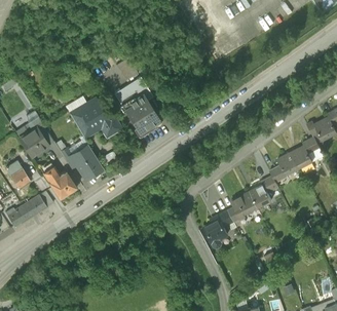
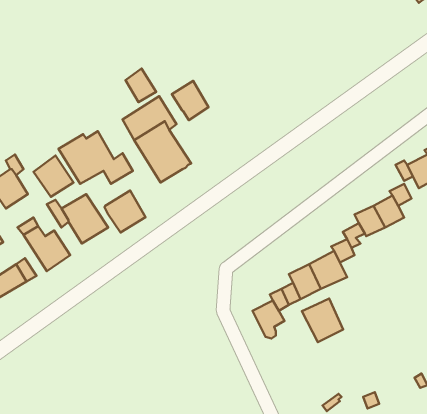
building: none -> [172,81,209,120]
building: none -> [34,155,73,197]
building: none -> [104,190,146,233]
building: none -> [302,298,343,342]

